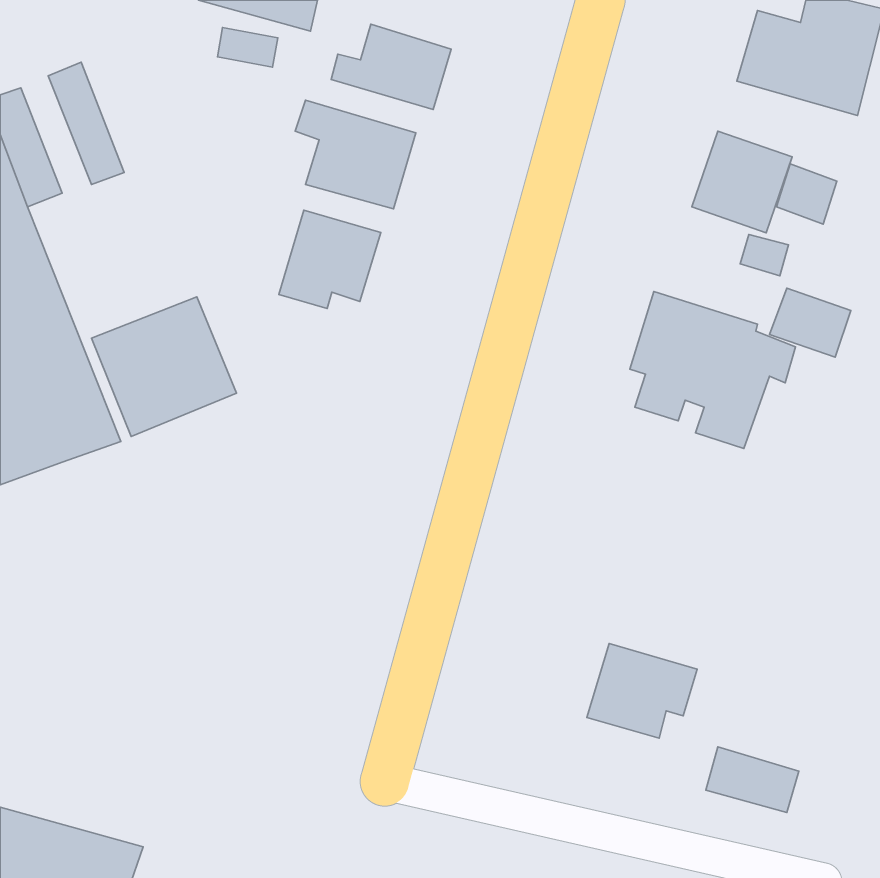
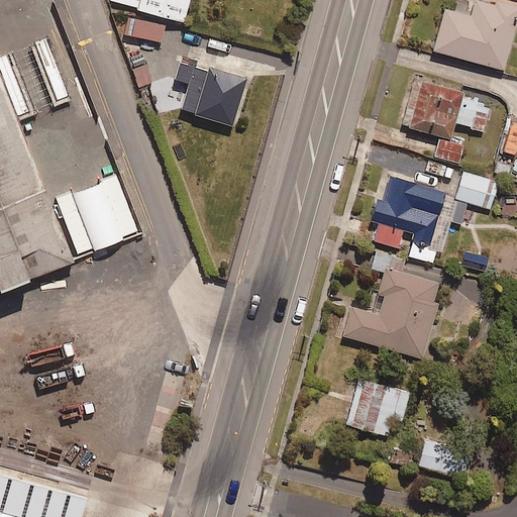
building: [331,24,451,109] -> none
building: [279,210,381,309] -> none
building: none -> [344,251,441,357]

